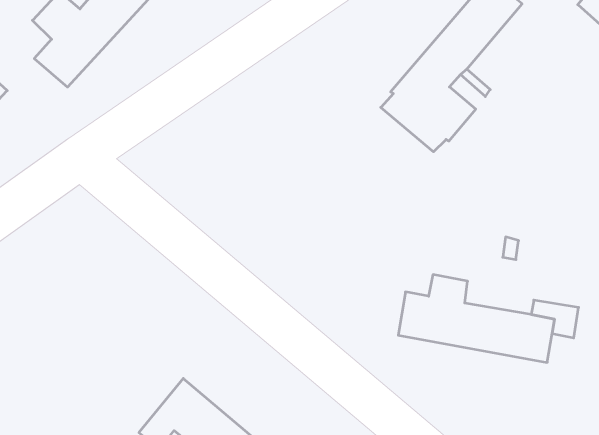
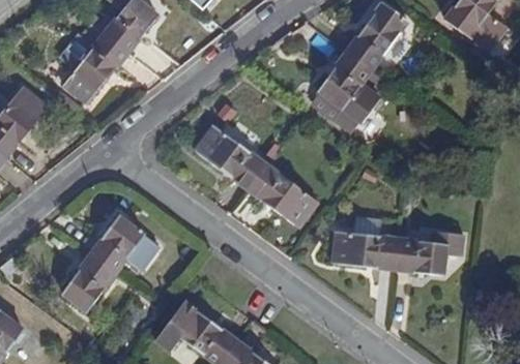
building: none -> [195,125,317,226]
building: none -> [63,217,160,310]

